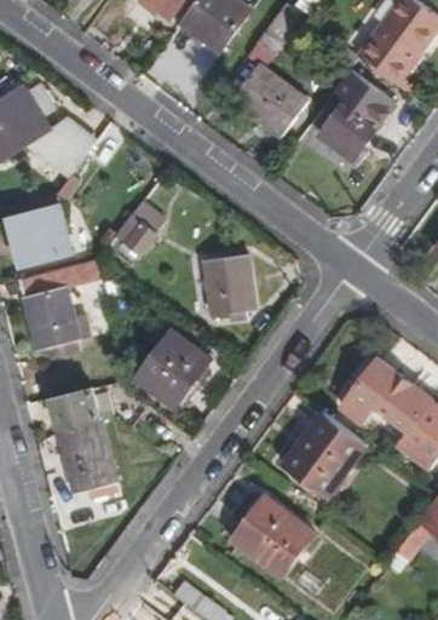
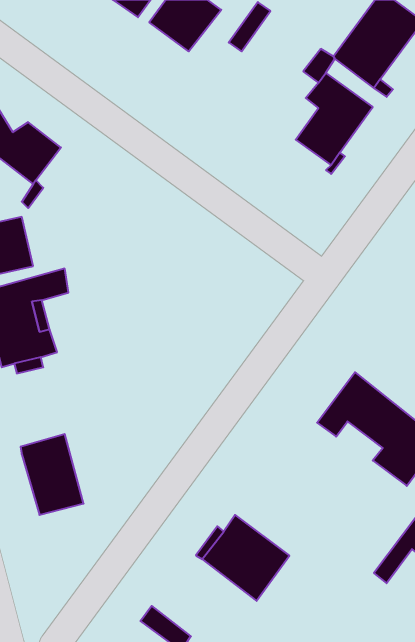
building: [235,65,309,134] -> none
building: [117,202,165,254] -> none
building: [203,253,255,314] -> none
building: [139,329,213,407] -> none
building: [51,389,114,429] -> none
building: [287,412,369,495] -> none

